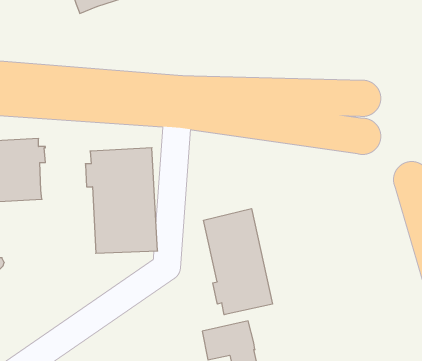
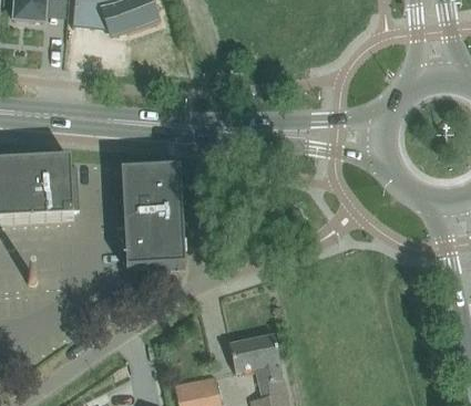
building: [204,209,272,315] -> none

